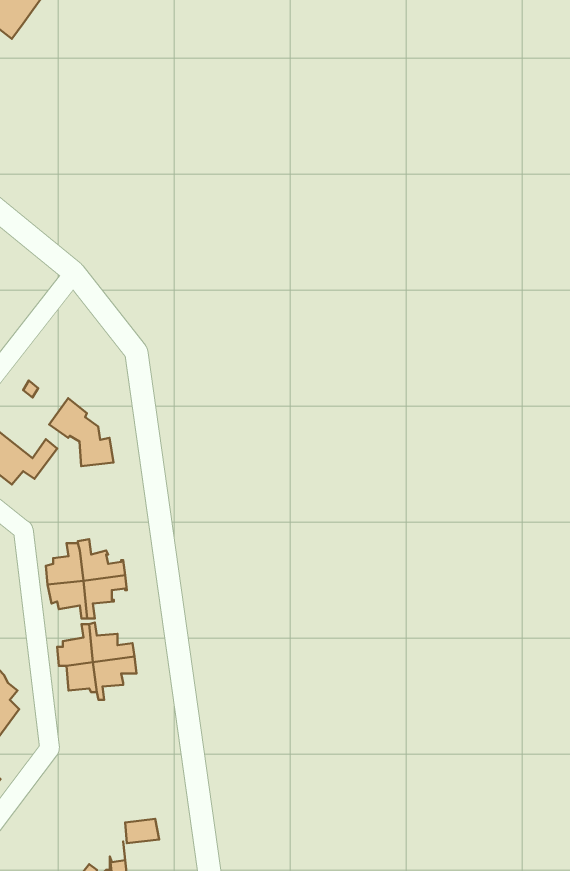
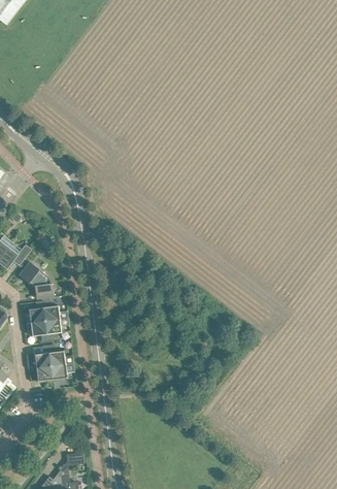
building: [49,398,113,466] -> [20,261,55,298]

